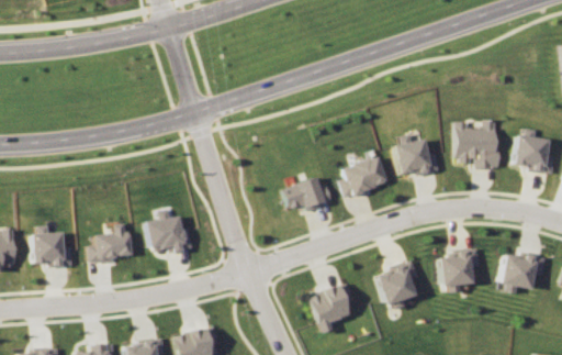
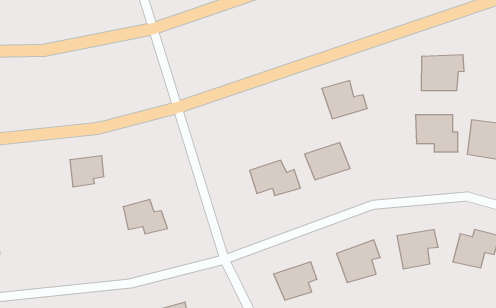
building: none -> [421,55,464,91]
building: [395,138,443,179] -> [322,80,367,119]
building: [91,231,127,264] -> [70,156,104,187]
building: [30,232,72,270] -> none

